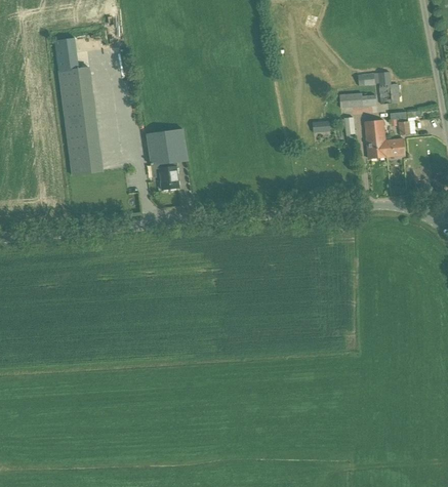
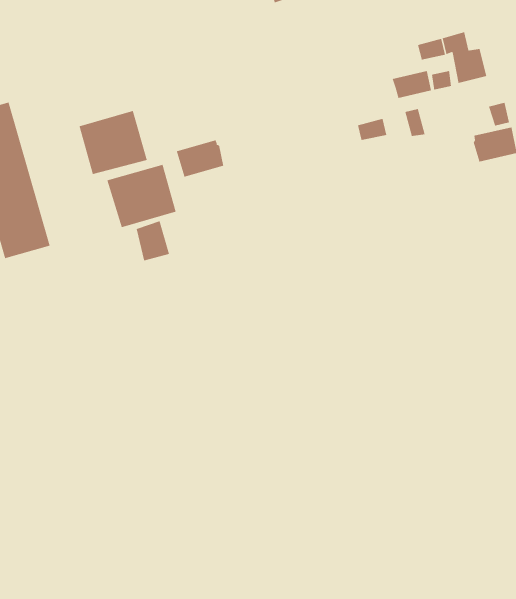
building: none -> [79,110,147,175]
building: none -> [176,140,224,178]
building: [365,118,385,158] -> none

